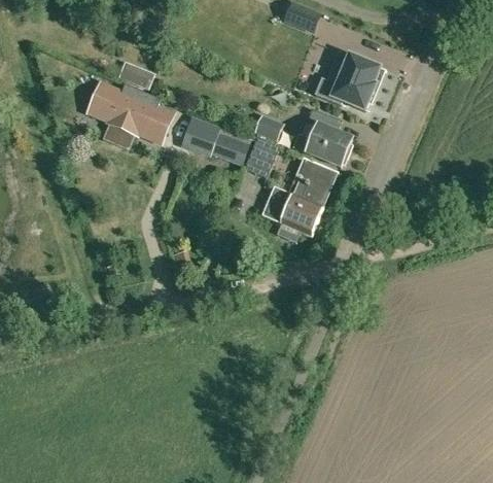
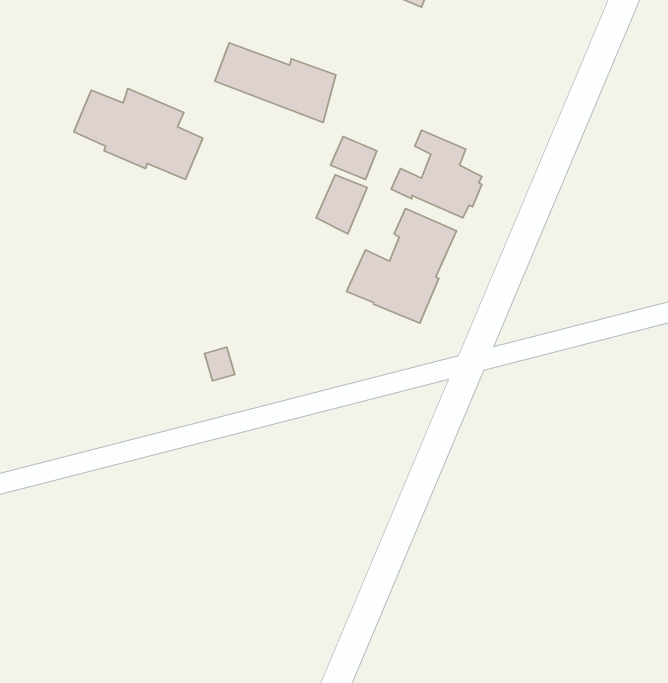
building: [314,53,379,111] -> none
building: [118,63,153,90] -> none
building: [173,115,251,167] -> [215,43,336,123]

